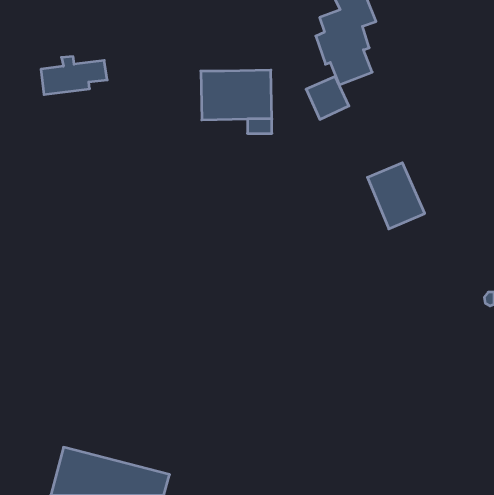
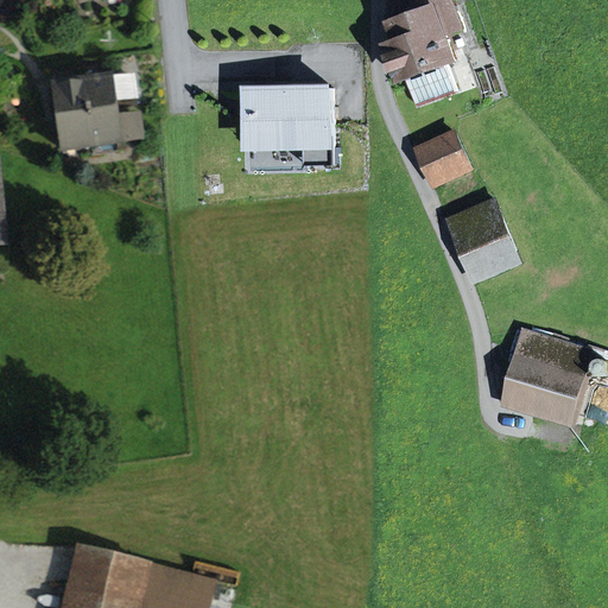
building: [306,77,349,119] -> [416,131,468,183]
building: none -> [53,108,135,153]
building: none -> [502,331,584,419]

